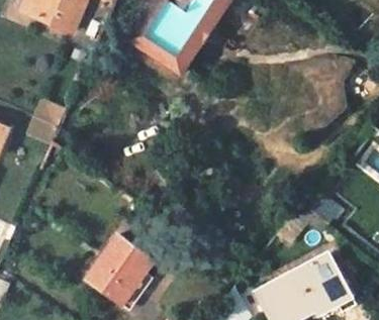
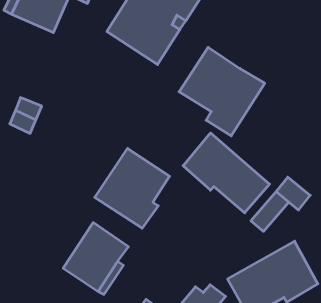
building: none -> [179,47,265,136]
building: none -> [183,133,270,213]
building: none -> [95,148,170,228]

